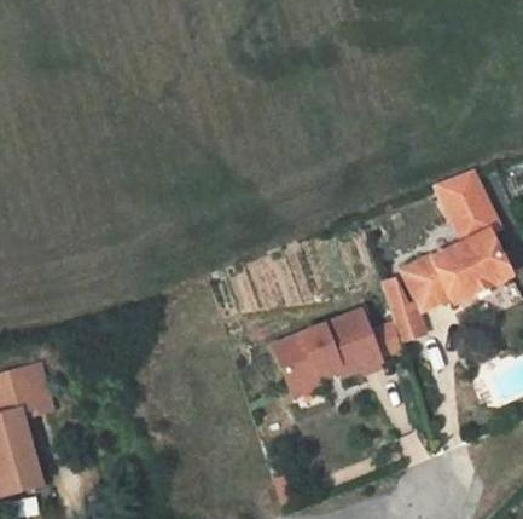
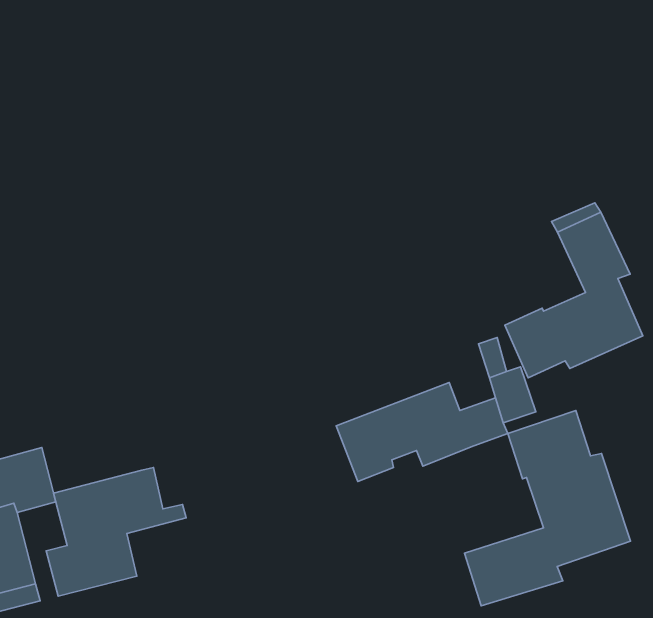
building: none -> [465,411,631,606]
building: none -> [46,468,186,596]

